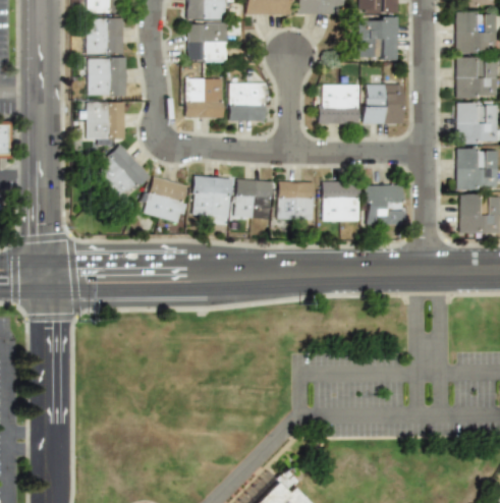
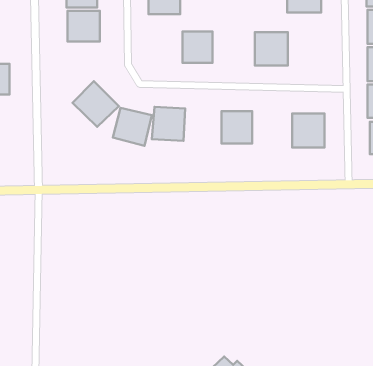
building: [185,77,224,117] -> none
building: [364,82,403,123] -> none
building: [86,101,126,142] -> none
building: [234,178,273,218] -> none
building: [322,181,359,228] -> none

